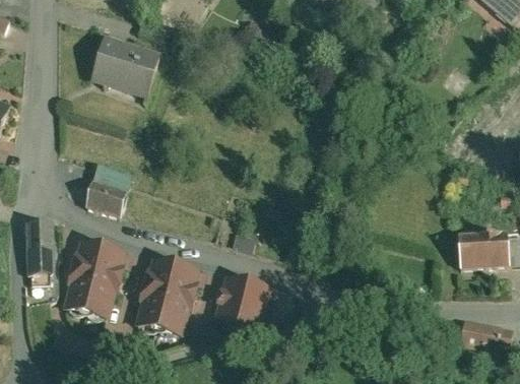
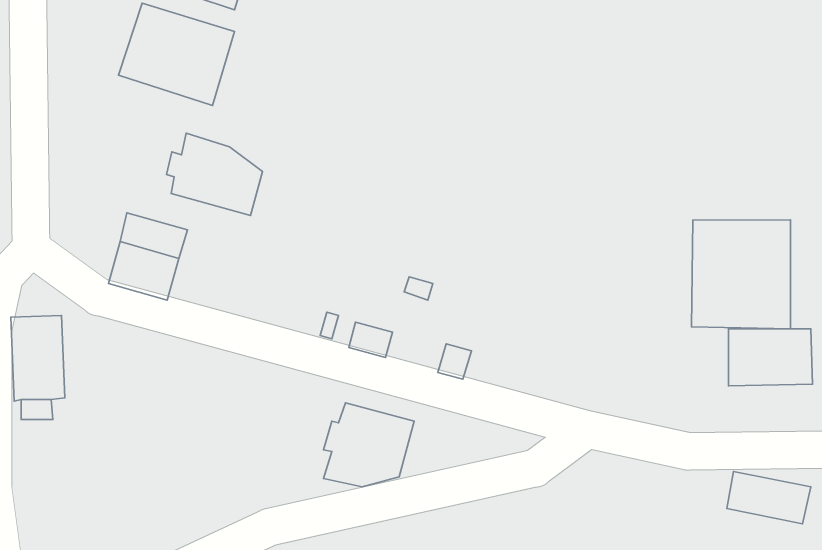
building: none -> [166,133,262,215]
building: none -> [691,220,790,329]
building: [62,239,126,318] -> none
building: [133,256,200,336] -> none

